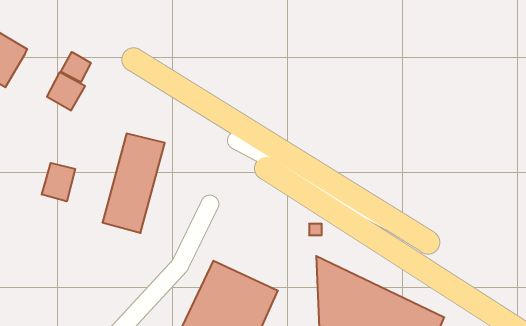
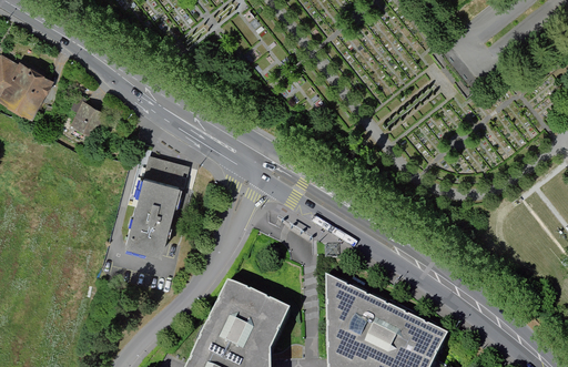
building: [61,52,91,82] -> none
building: [42,163,75,201] -> none

